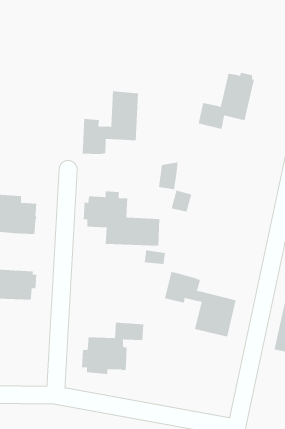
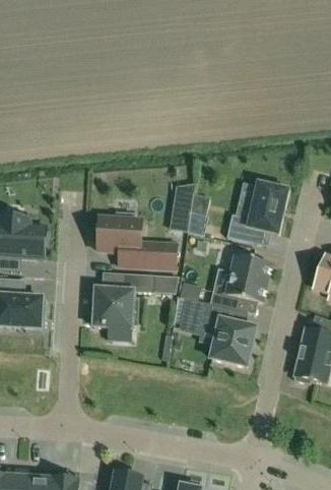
building: [198,72,255,129] -> [226,182,286,242]
building: [82,90,138,155] -> none
building: none -> [209,255,270,310]
building: [81,322,144,375] -> [88,272,154,328]

